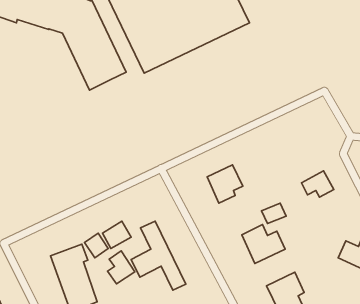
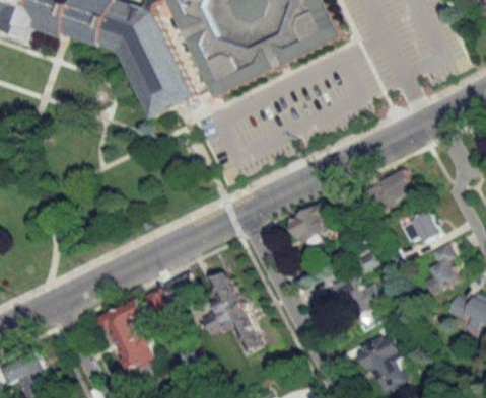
building: none -> [367,171,413,209]
building: none -> [421,244,454,294]
building: [108,251,135,284] -> none

